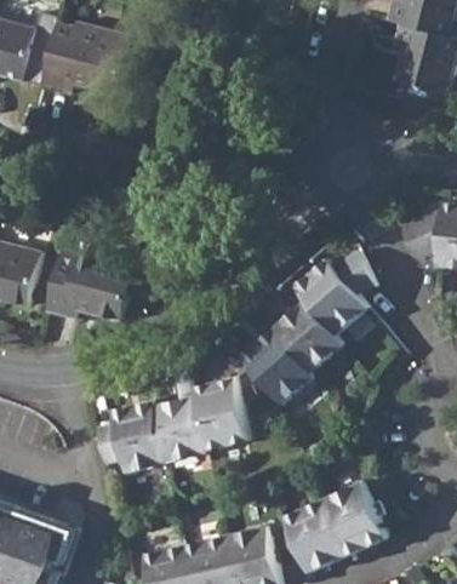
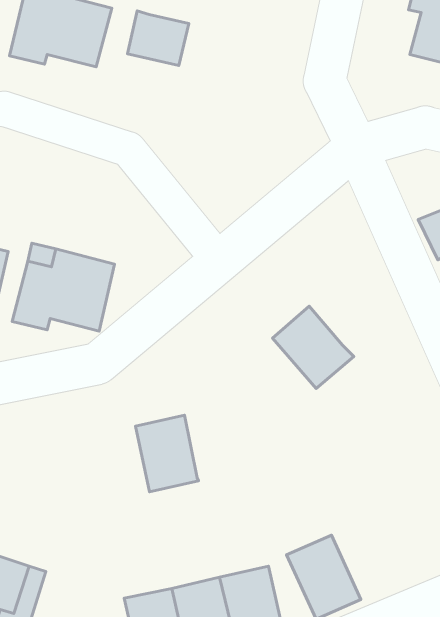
building: none -> [127,11,189,65]
building: [292,250,370,334] -> none
building: [239,328,313,405] -> none
building: [193,378,249,450] -> none
building: [96,402,165,473] -> none
building: [322,482,387,555] -> none

